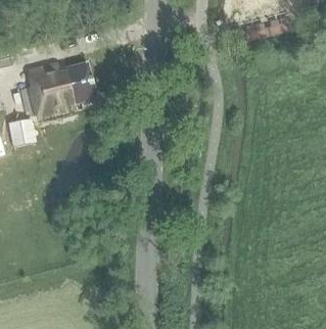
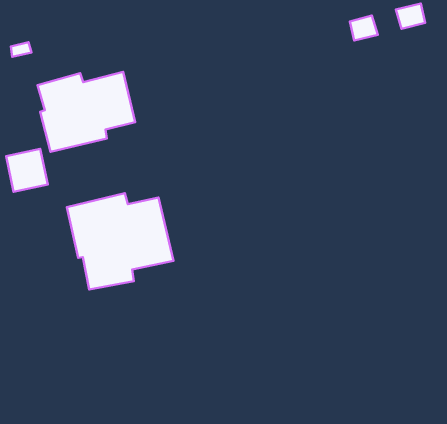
building: none -> [67,193,174,290]

